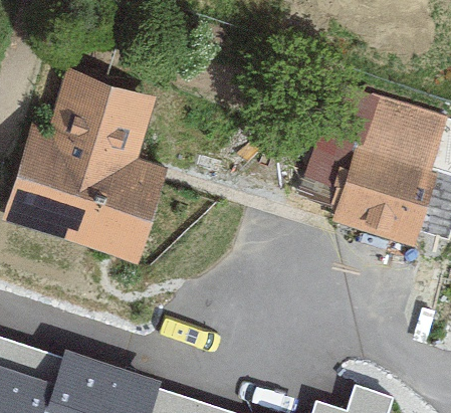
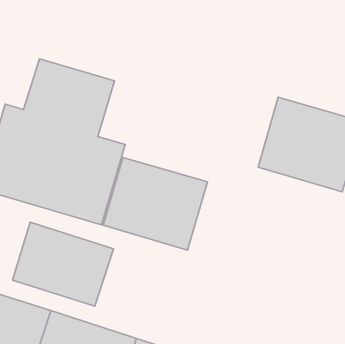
building: none -> [103,158,208,250]
building: none -> [12,222,113,306]

